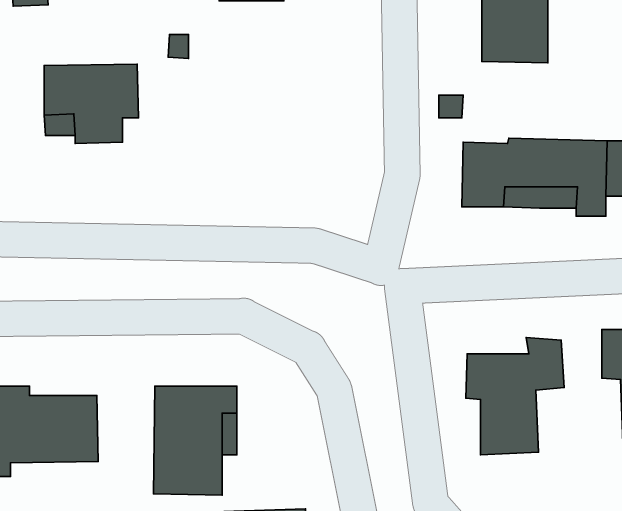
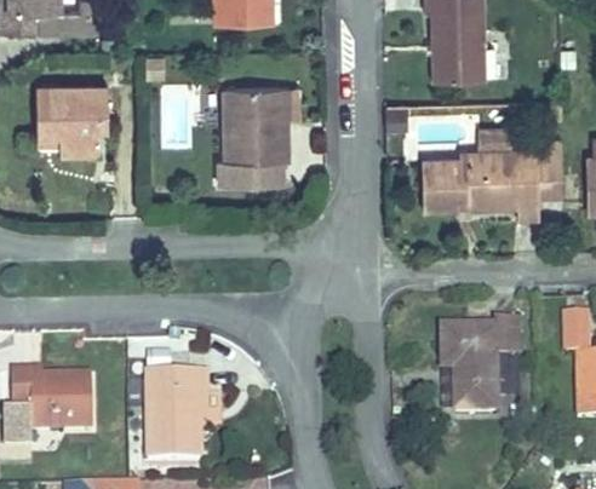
building: none -> [224,85,309,188]

